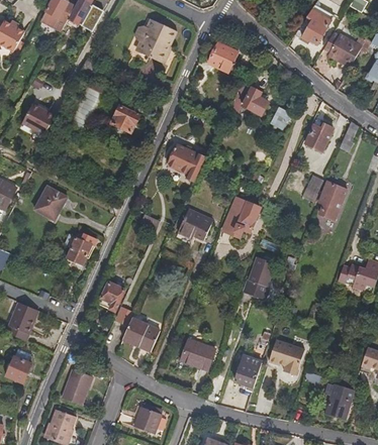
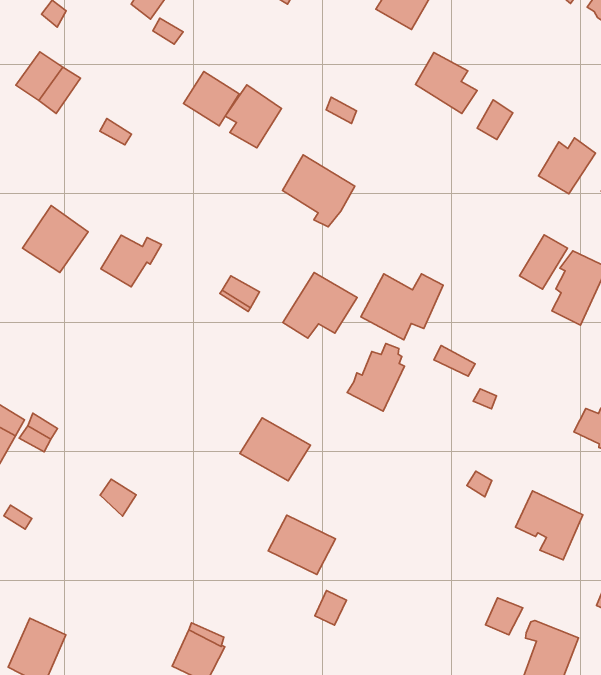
building: none -> [225,85,282,148]
building: [67,236,98,263] -> [101,235,162,287]
building: [244,260,273,297] -> [347,344,405,411]
building: [98,280,124,310] -> none
building: [121,317,159,349] -> [240,418,310,481]
building: [269,336,304,371] -> [516,491,583,560]
building: [234,354,262,391] -> none
building: [61,366,91,402] -> none

